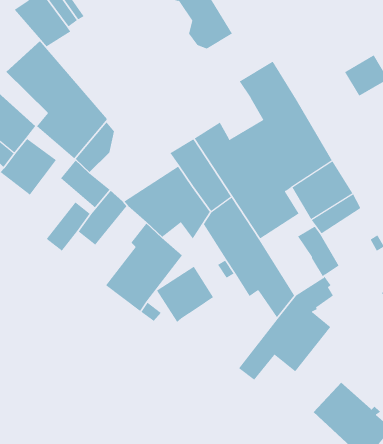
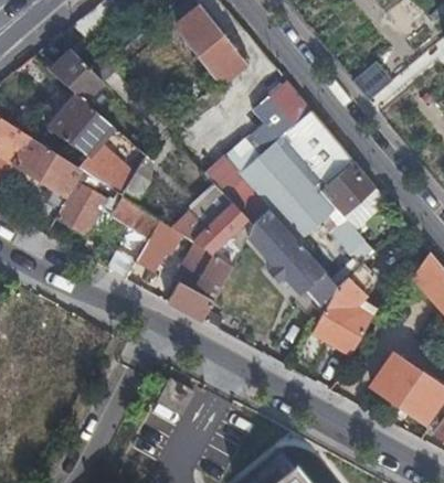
building: [156,266,214,323] -> none

